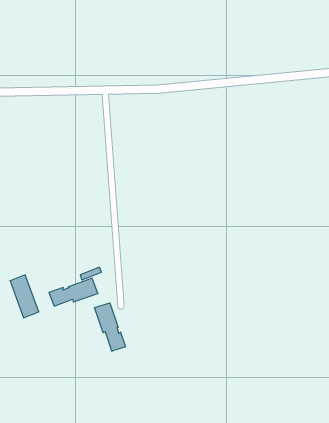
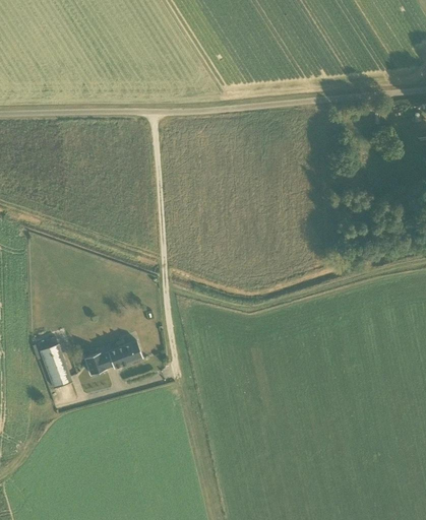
building: [94,303,126,351] -> none

